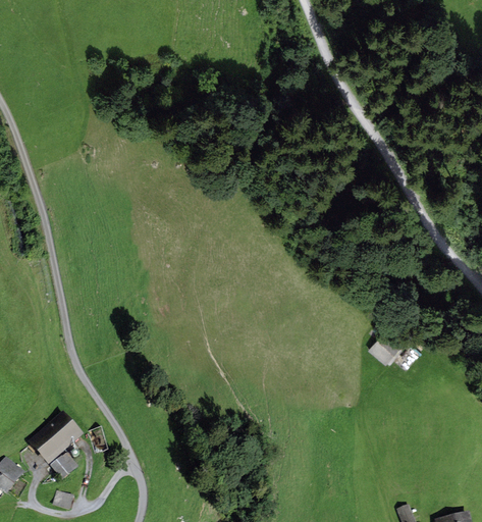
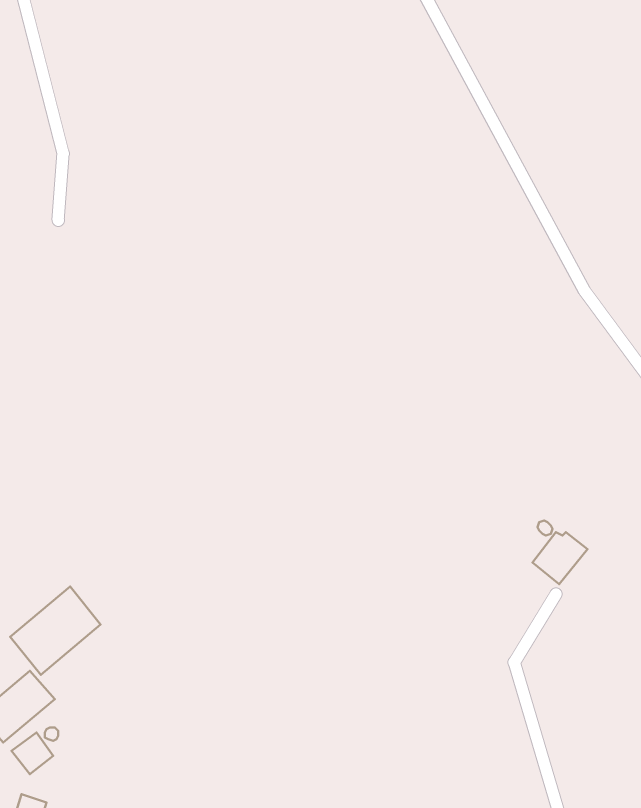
building: none -> [10,587,101,675]

